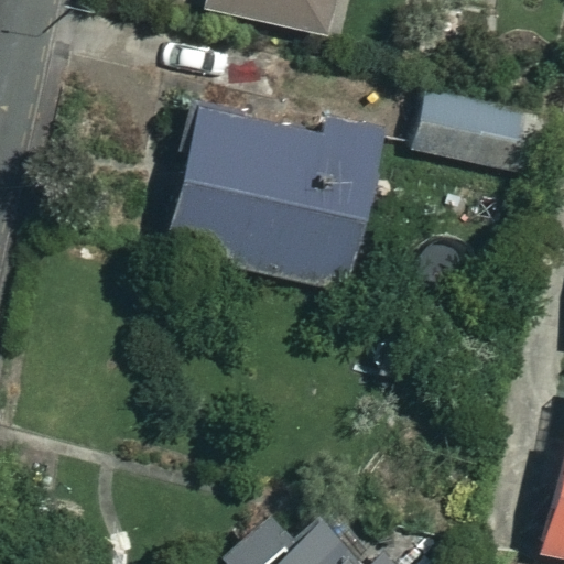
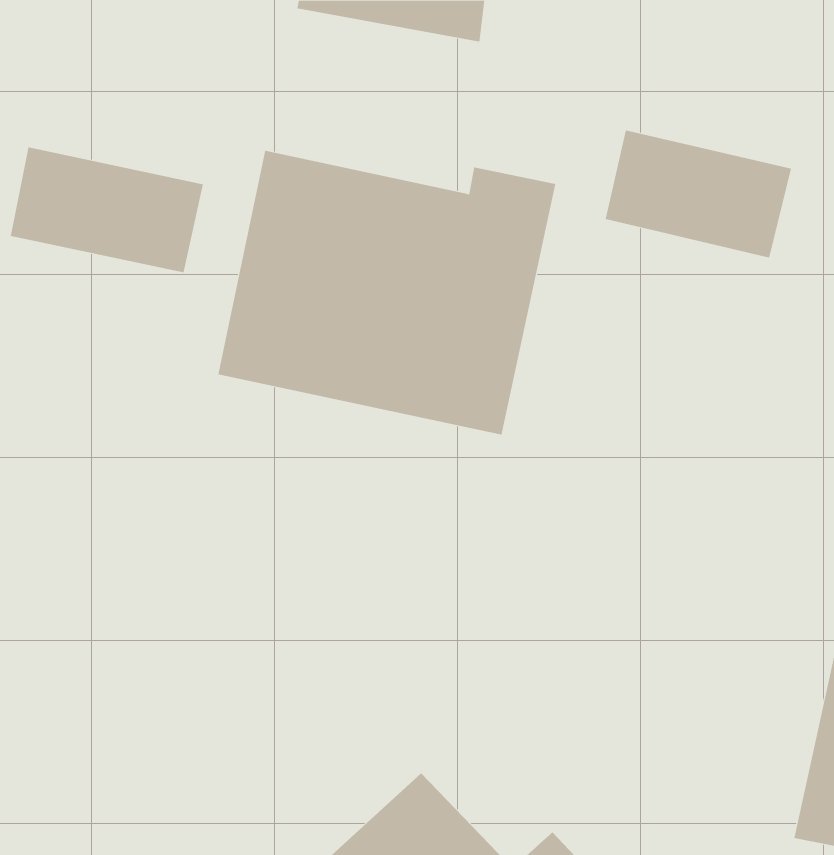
building: none -> [10,147,203,273]

